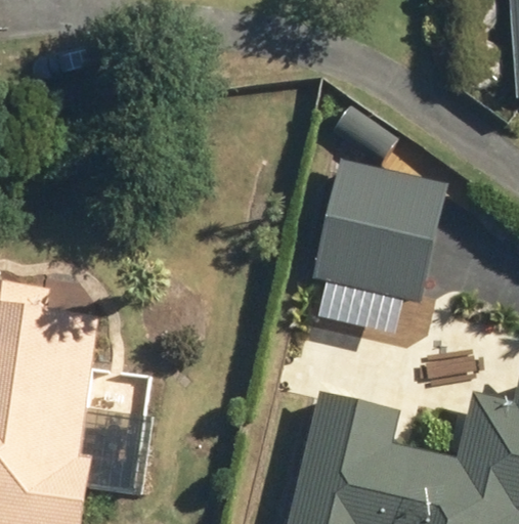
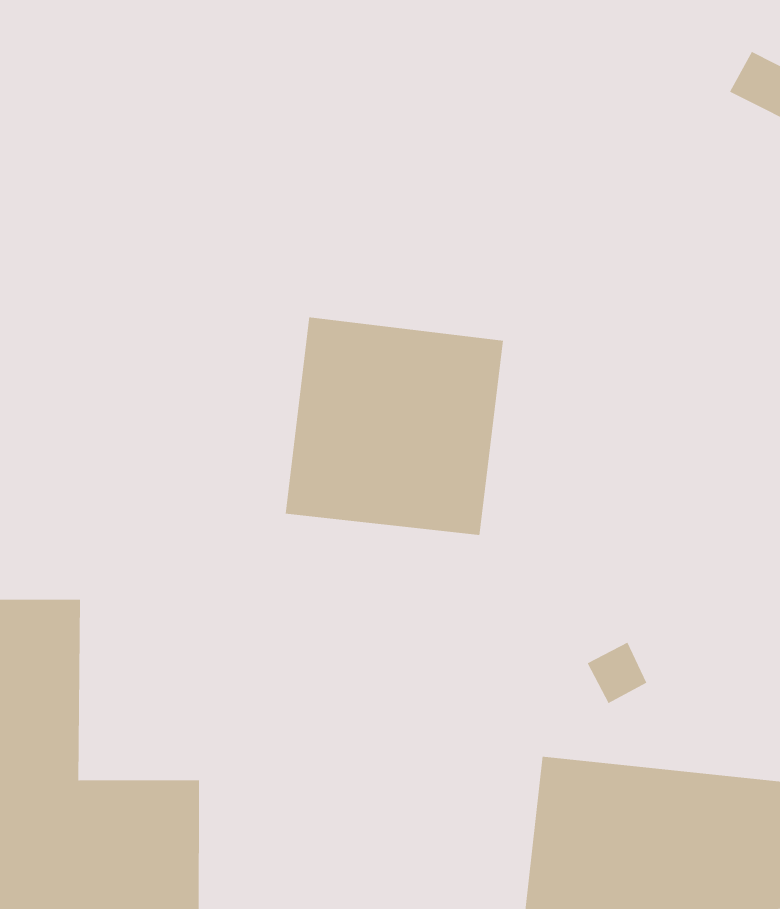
building: [322,168,447,293] -> [285,317,504,536]

